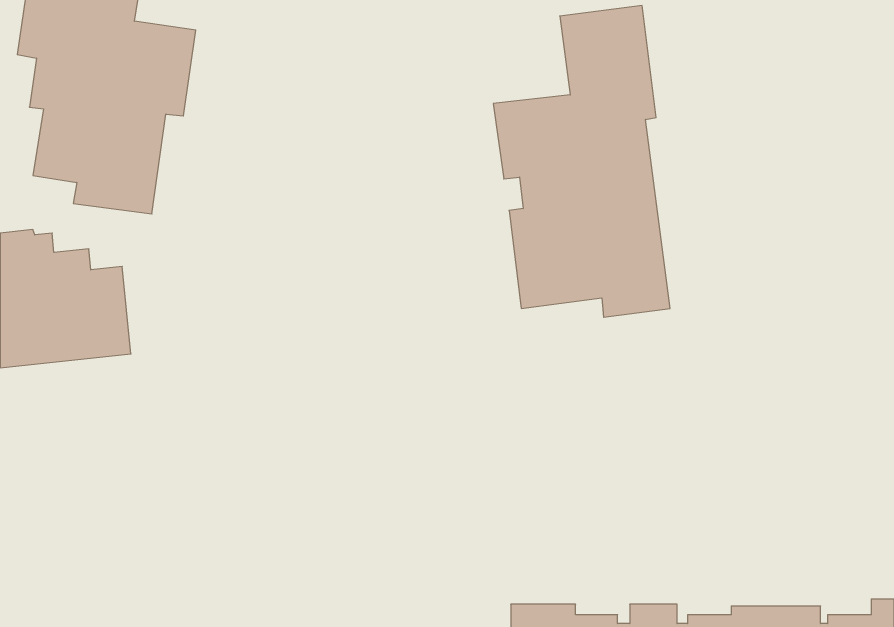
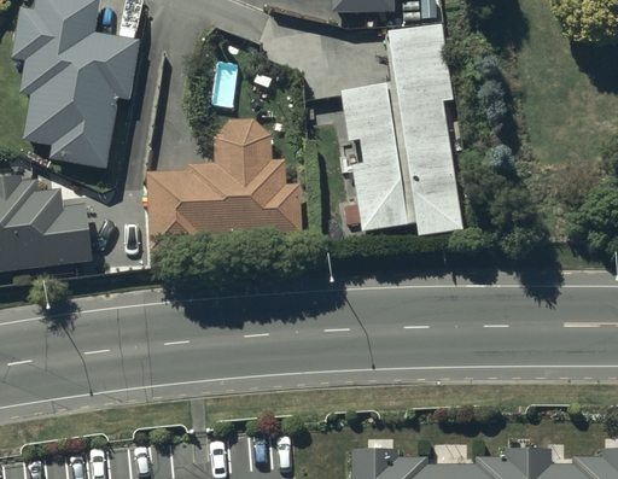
building: none -> [146,122,299,252]

